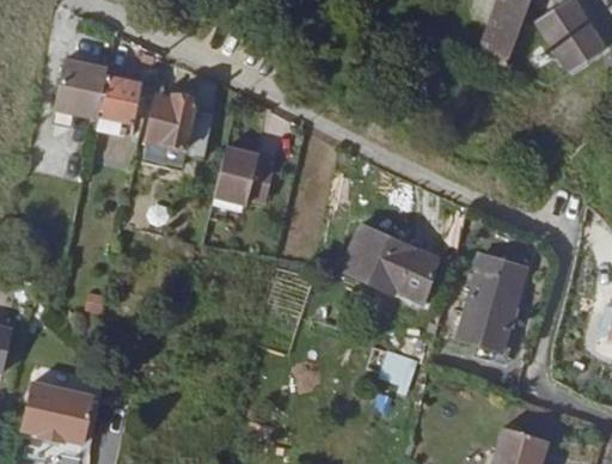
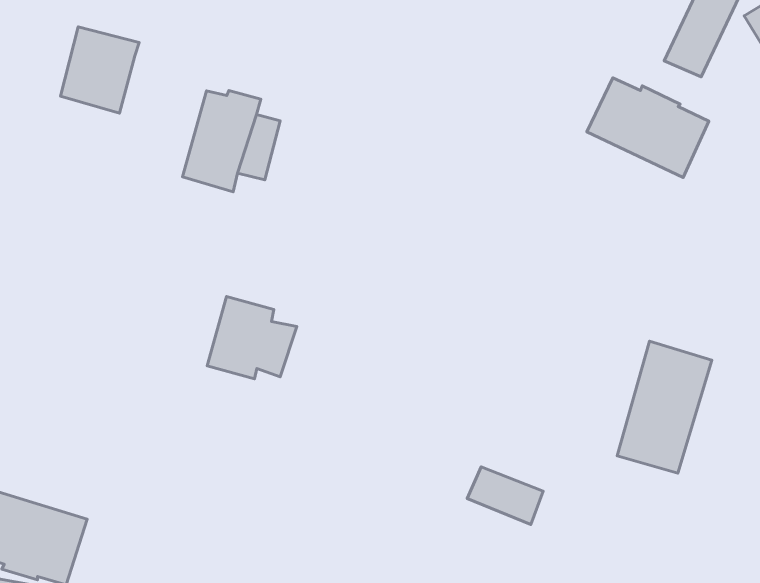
building: none -> [587,78,709,177]
building: [100,75,141,122] -> none
building: [215,145,276,201] -> [207,297,297,379]
building: [342,221,439,304] -> none

